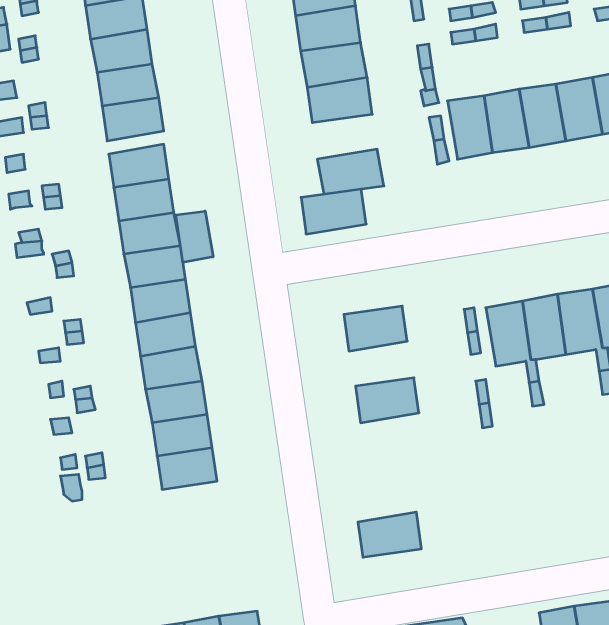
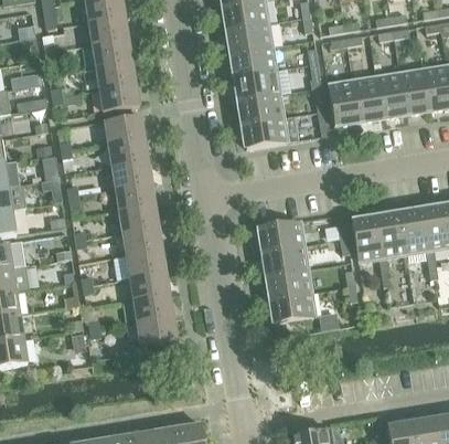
building: [301,189,366,234] -> [237,94,280,124]
building: [176,211,213,263] -> none
building: none -> [261,244,304,274]
building: [358,512,421,557] -> [269,292,311,321]

